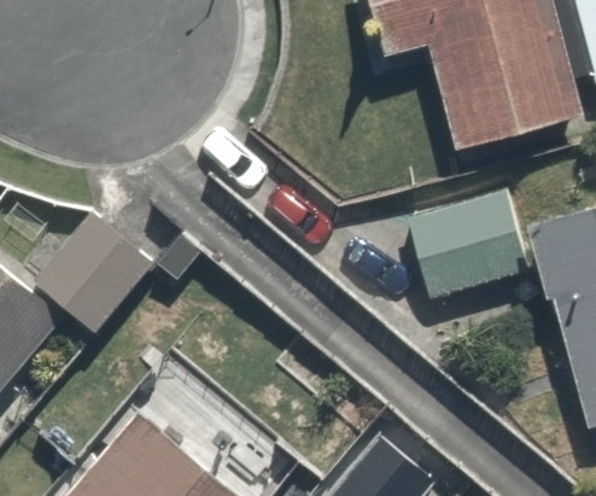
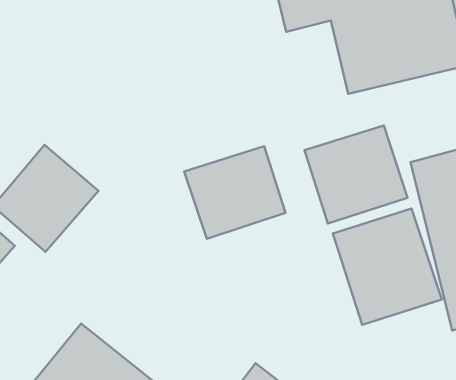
building: none -> [184,146,285,239]
building: none -> [333,209,442,325]

